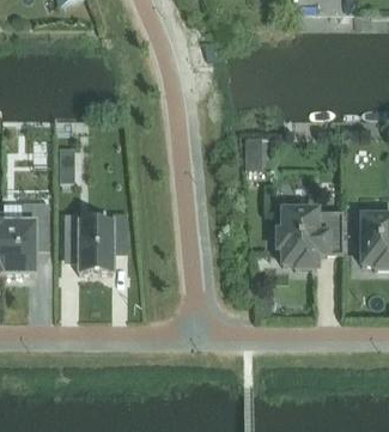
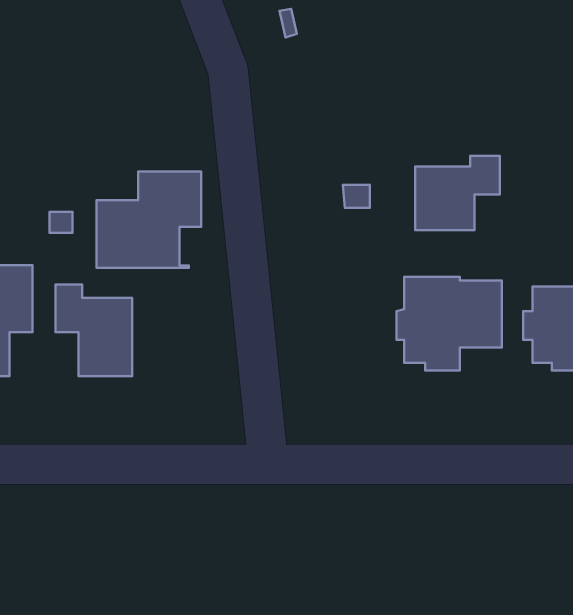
building: none -> [415,156,500,230]
building: none -> [96,171,201,268]

